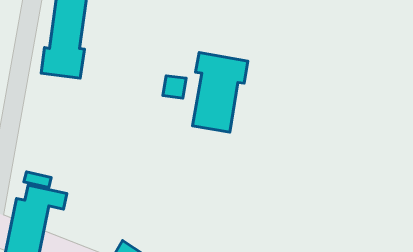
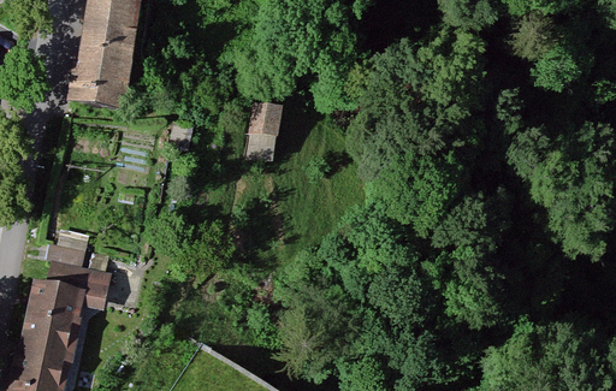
building: [192,53,248,132] -> none

